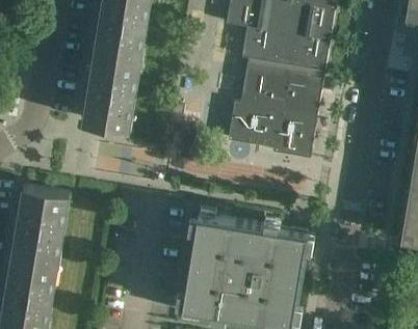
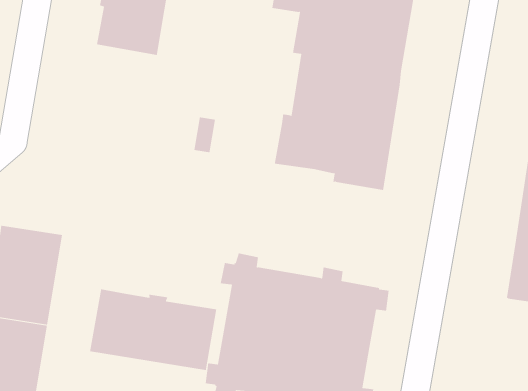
building: [81,54,139,132] -> none
building: none -> [89,288,217,371]

